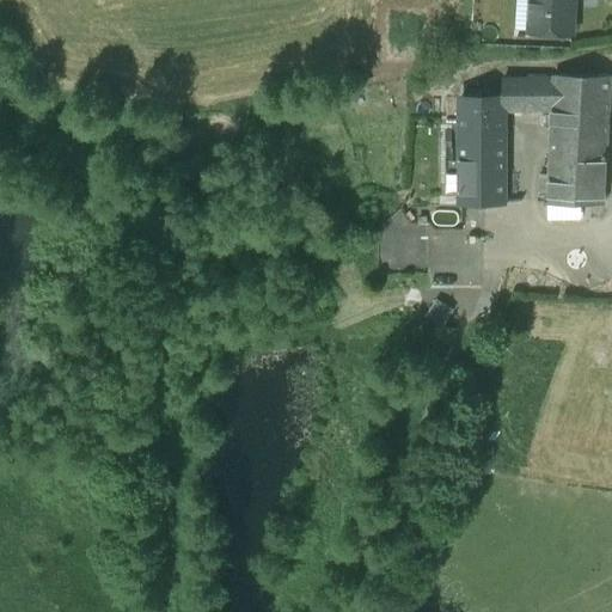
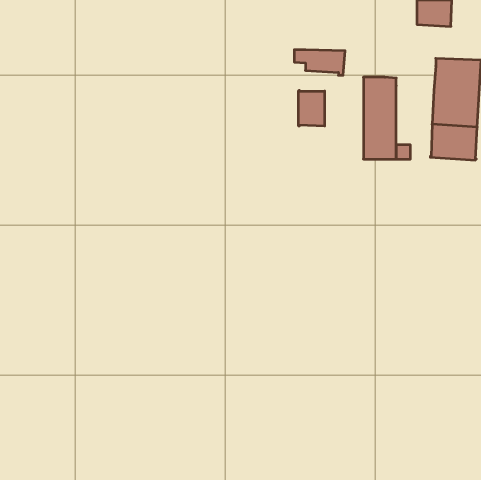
building: [489,84,553,116] -> [294,50,345,75]
building: none -> [299,90,325,126]

